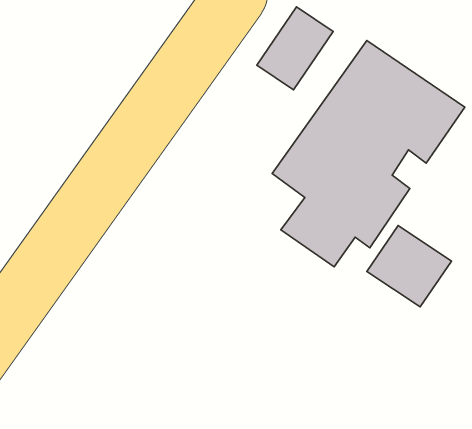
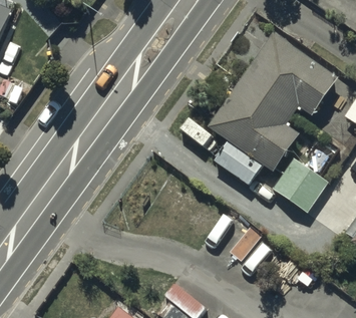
building: [257,7,333,90] -> none

